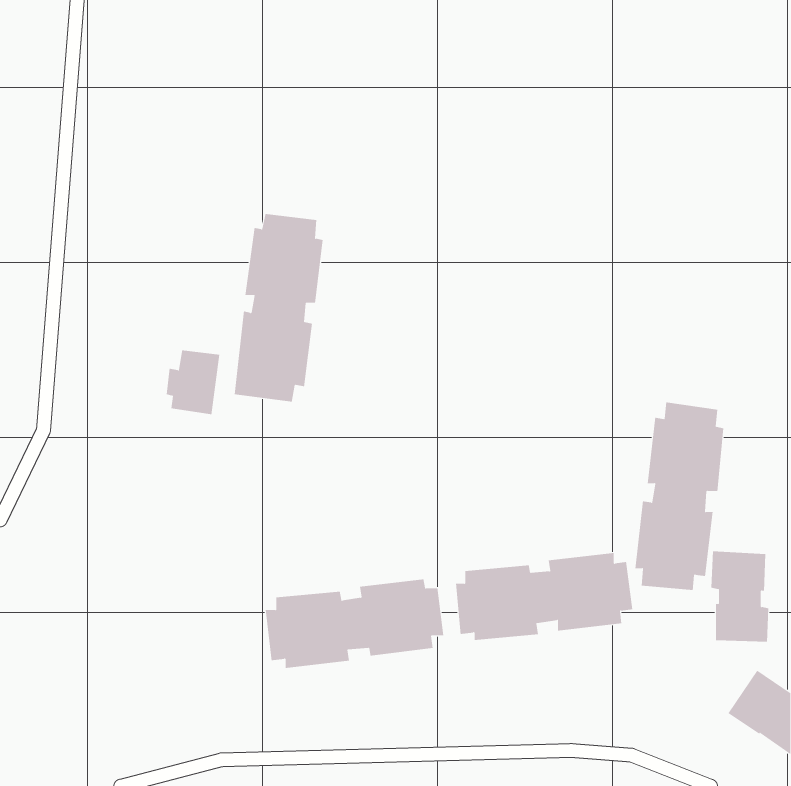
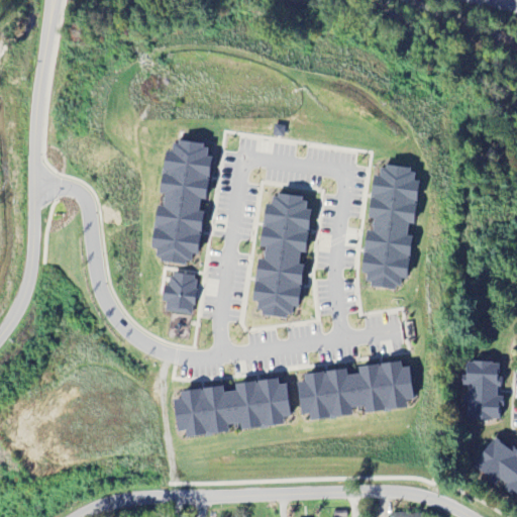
building: none -> [252,193,311,316]
building: [166,350,220,415] -> [162,272,197,314]
building: [635,402,724,590] -> [361,164,420,287]

